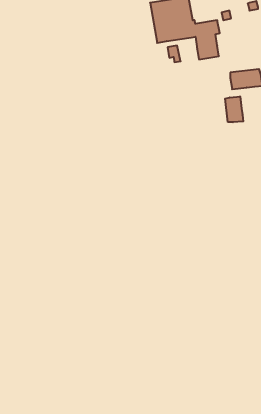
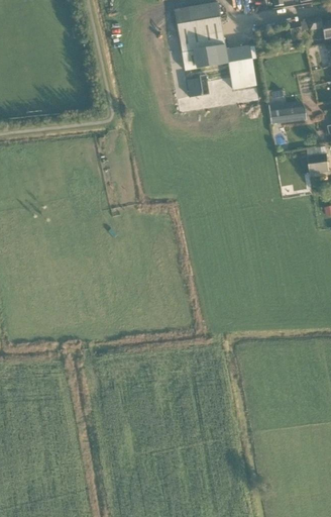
building: [225,96,243,122] -> none

